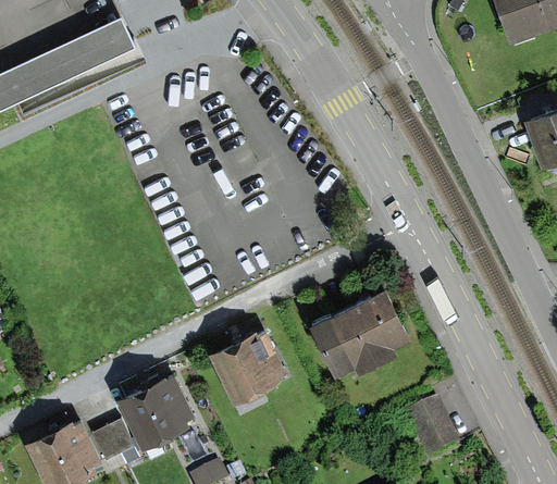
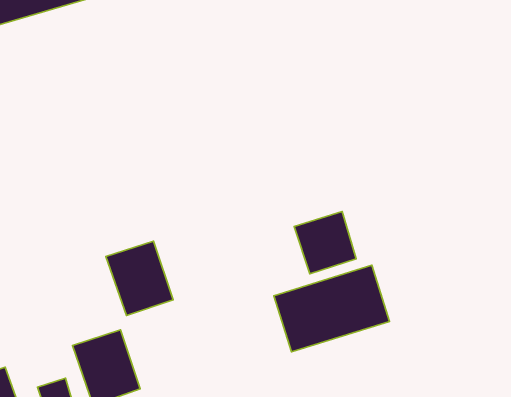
building: none -> [294,212,356,274]
building: [214,331,283,404] -> [106,241,173,315]

